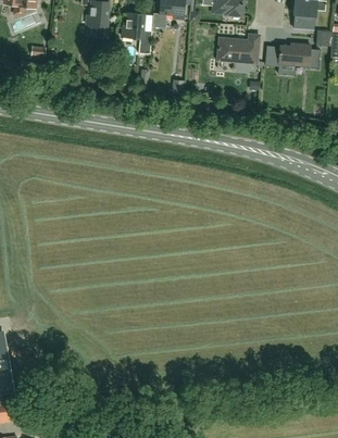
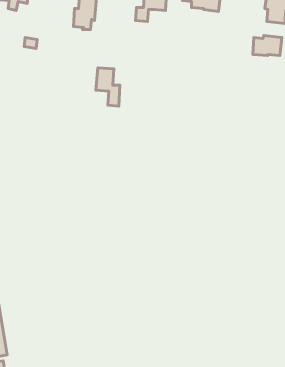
building: [126,12,152,53] -> [96,68,120,106]
building: [218,34,260,61] -> none

